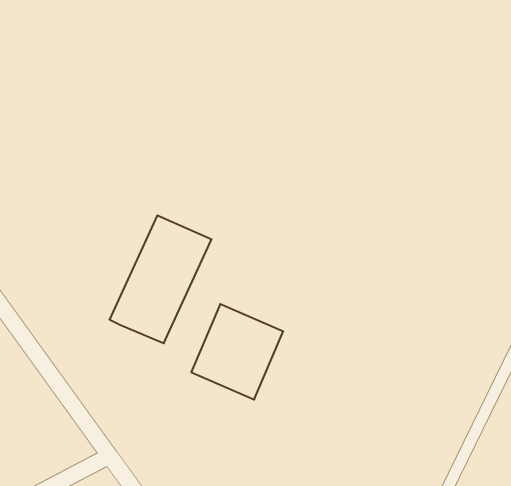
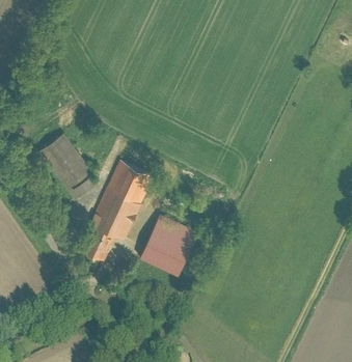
building: none -> [38,135,94,200]
building: none -> [85,229,116,263]

